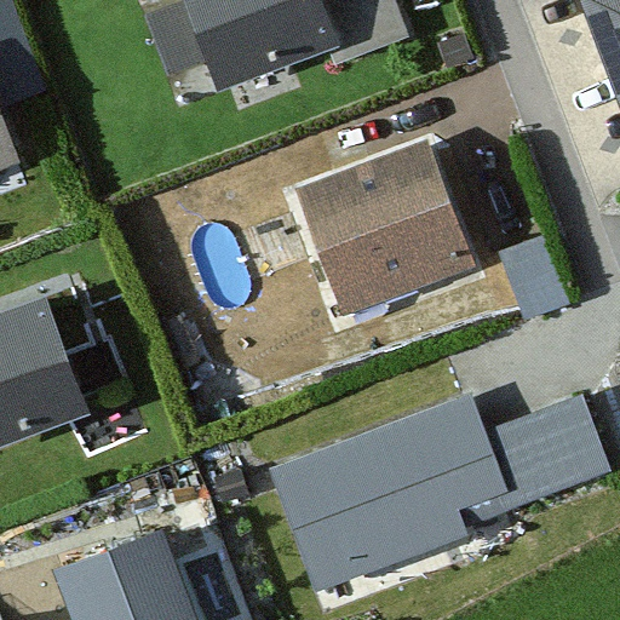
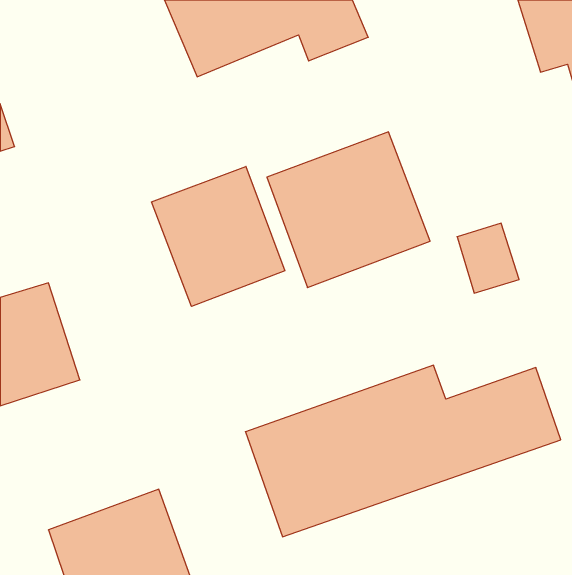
building: none -> [152,166,285,306]

